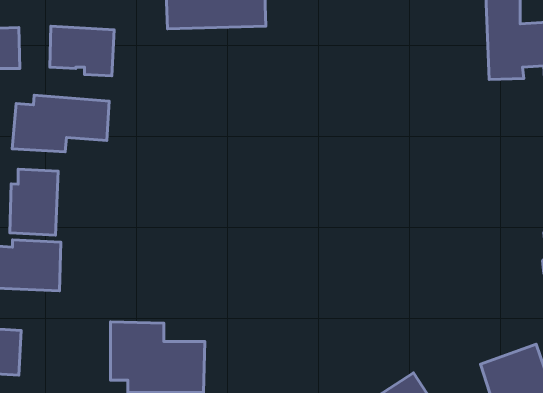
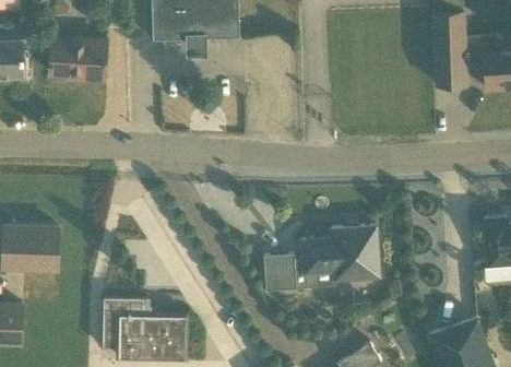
building: [12,95,109,152] -> none
building: [10,169,58,235] -> none
building: none -> [263,226,379,292]

